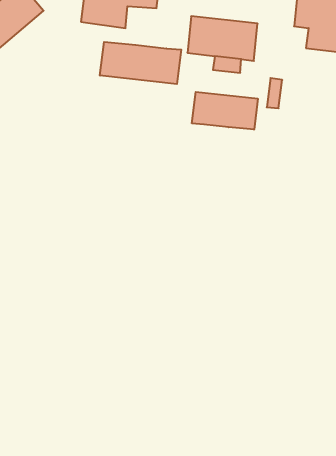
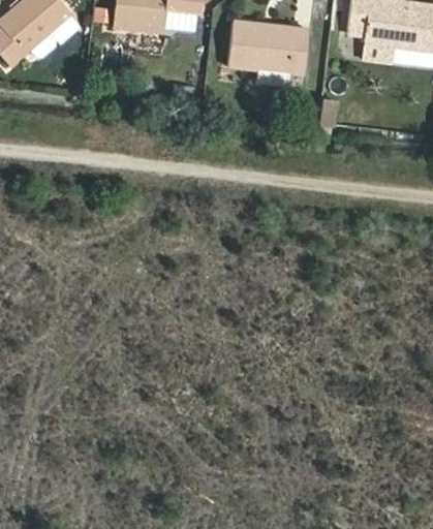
building: [100,42,181,84] -> none
building: [192,92,258,130] -> none

